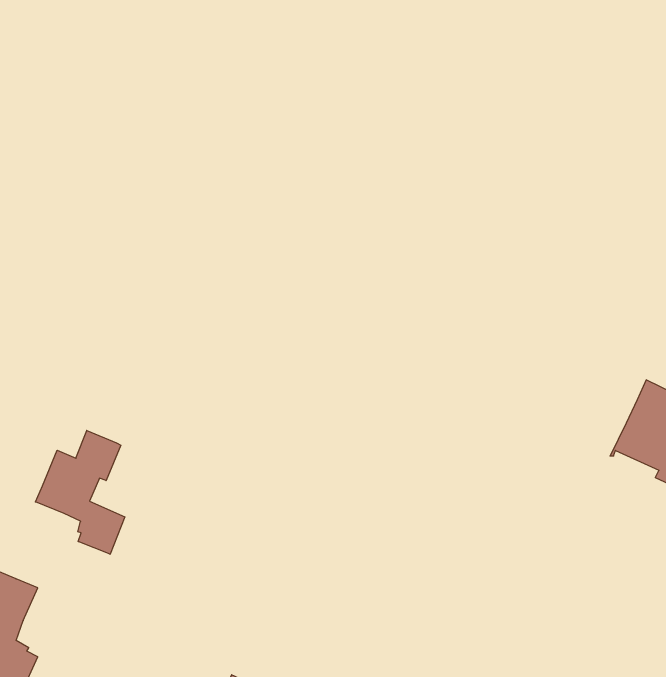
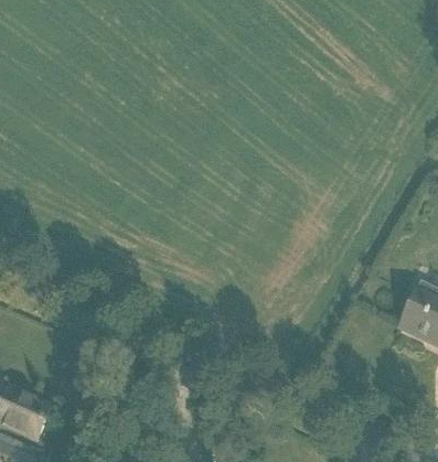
building: [35,430,125,554] -> none

